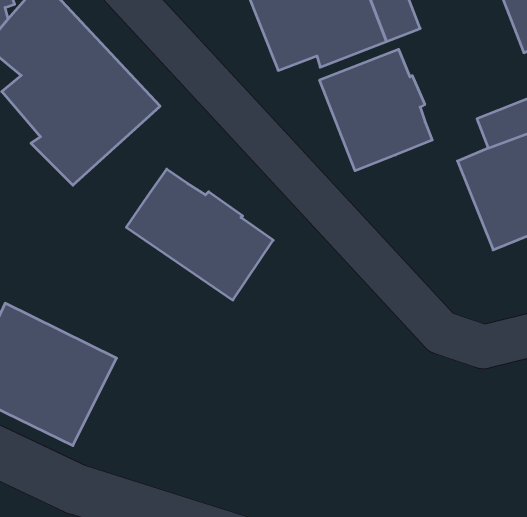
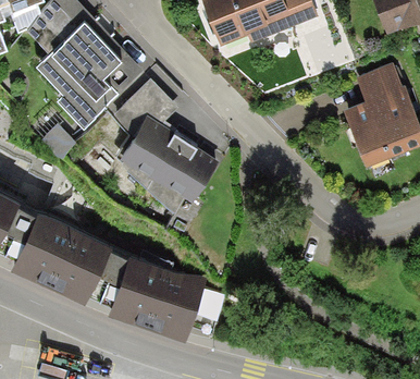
building: [320,49,432,171] -> none
building: none -> [114,84,177,136]
building: none -> [107,255,206,343]

